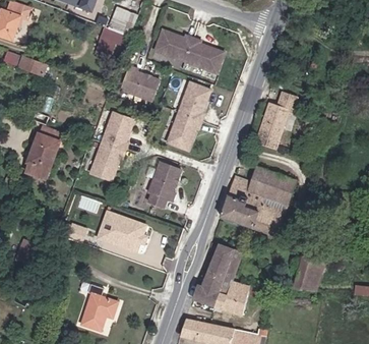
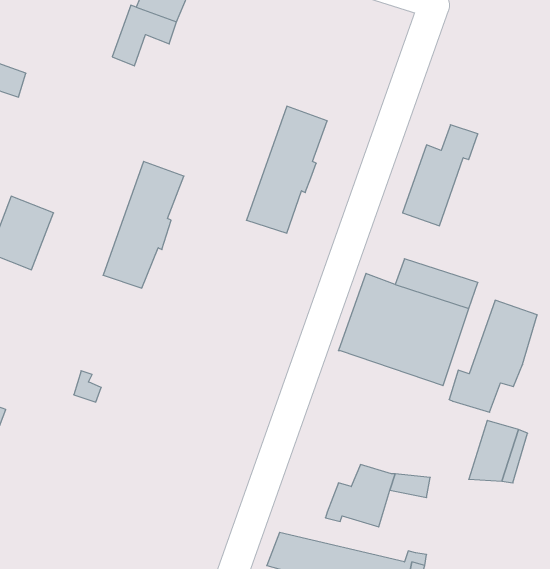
building: [155,30,225,73] -> none
building: [120,65,159,102] -> none
building: [145,161,183,209] -> none
building: [103,213,150,253] -> none
building: [191,244,240,306] -> [449,300,537,412]
building: [79,284,119,333] -> none

